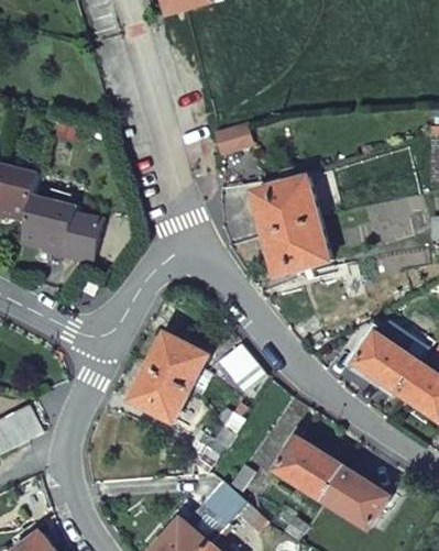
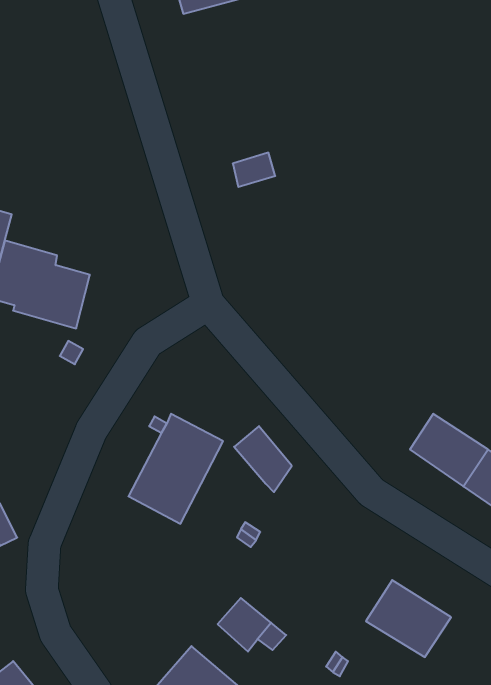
building: [254,178,330,276] -> none
building: [276,429,342,499] -> none

